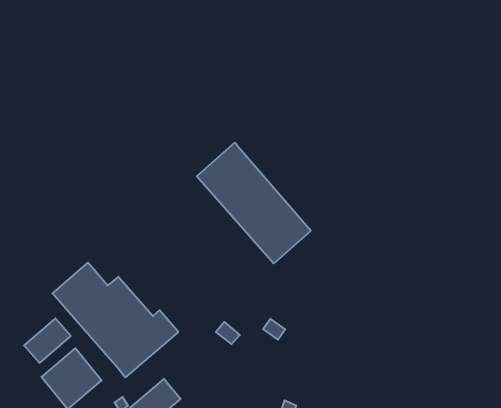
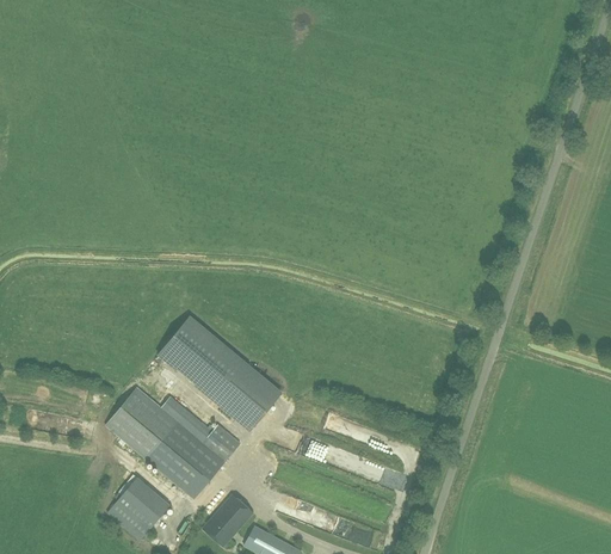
building: [197,143,311,263] -> [156,314,282,431]
building: [24,318,71,363] -> none

